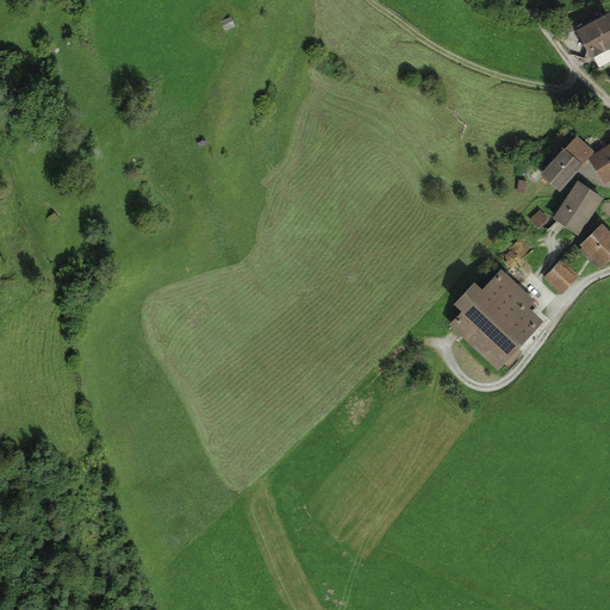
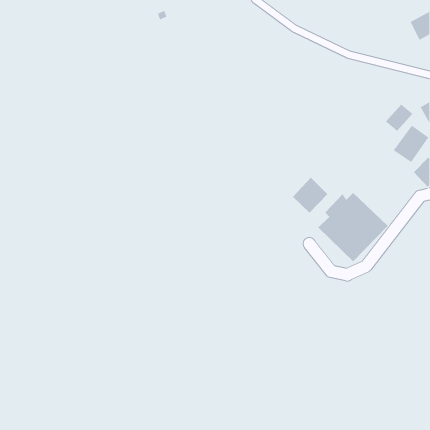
building: none -> [292,177,328,213]
building: [544,260,578,294] -> none

